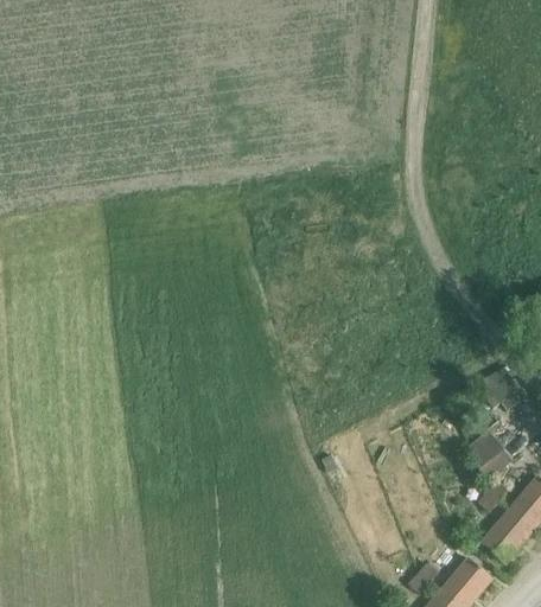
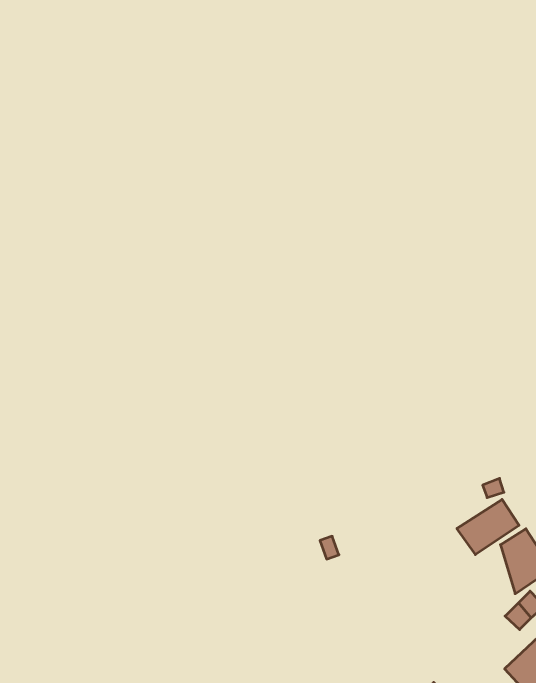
building: none -> [457,499,519,555]

